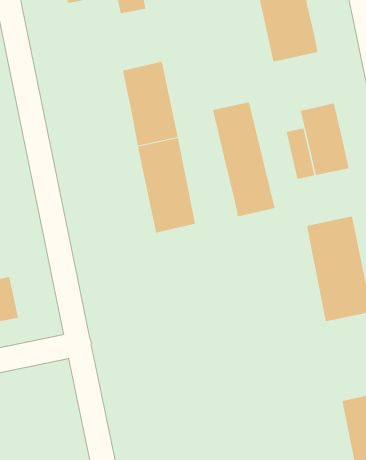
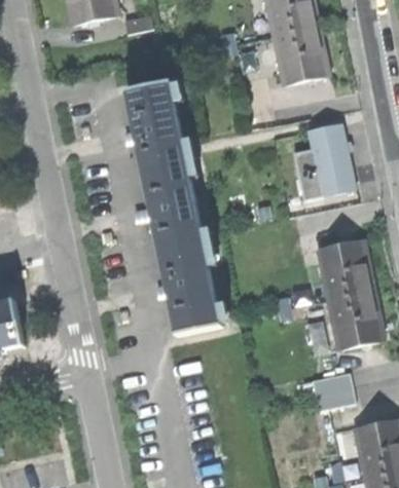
building: [213,101,275,217] -> none
building: none -> [161,247,219,333]
building: none -> [313,374,354,409]

